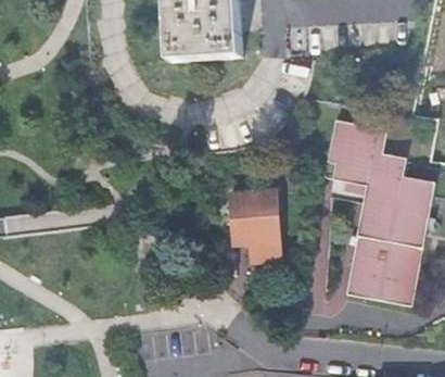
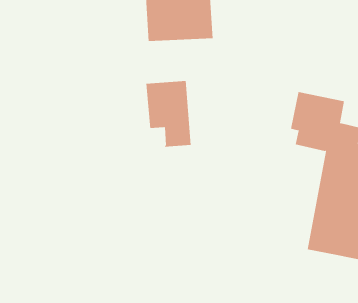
building: [230,189,281,263] -> [145,81,192,147]

